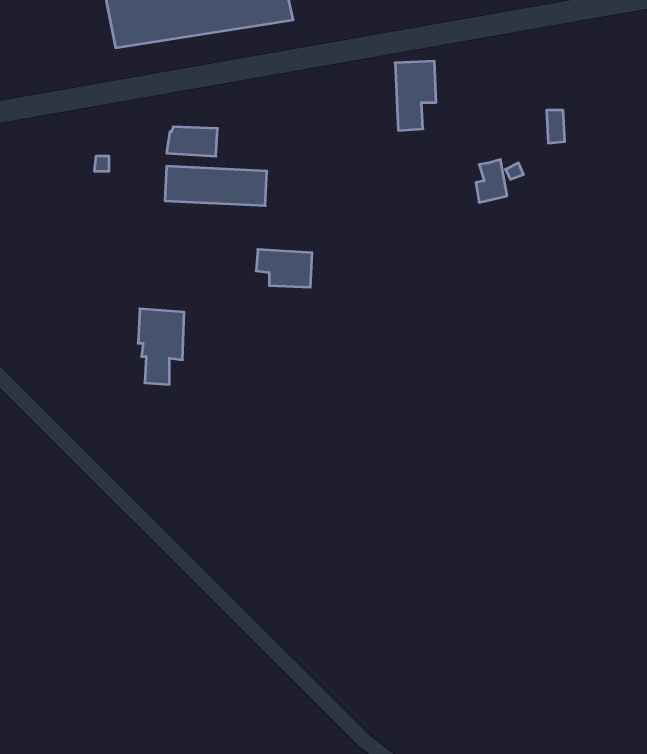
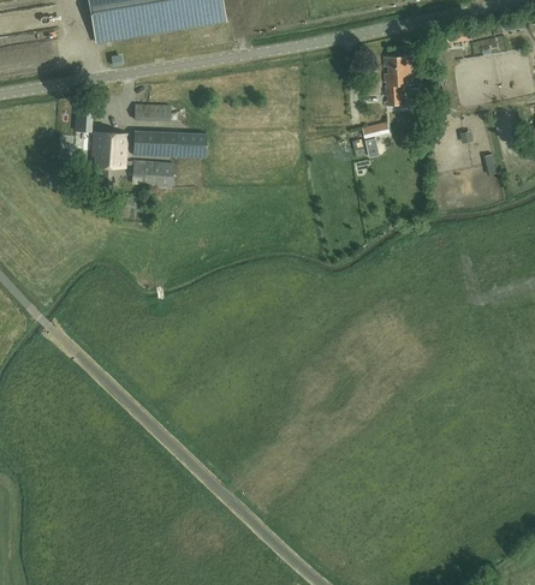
building: [395,61,436,130] -> [382,55,412,106]
building: [256,249,312,287] -> [131,160,172,187]
building: [138,309,184,384] -> [91,131,125,186]

